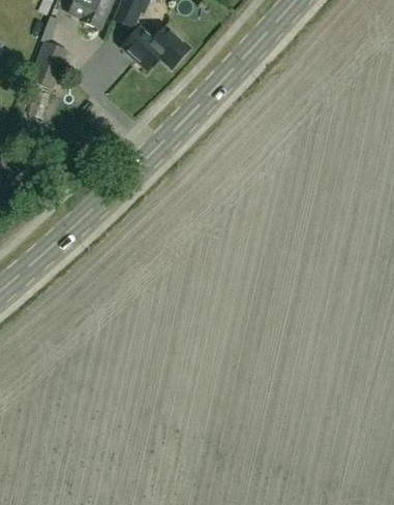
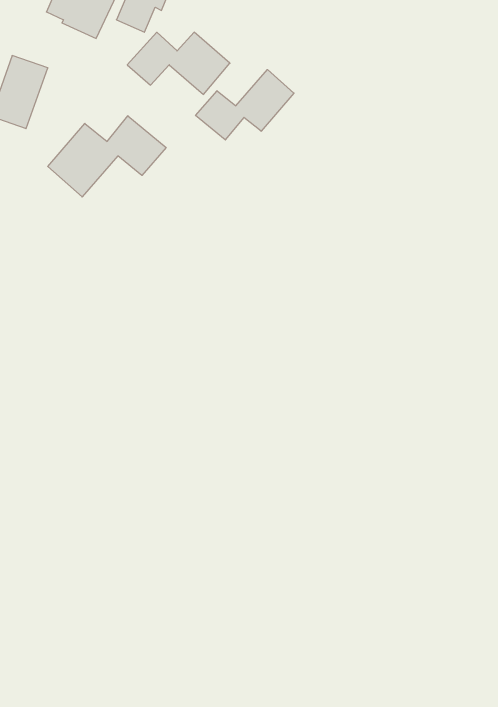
building: none -> [196,70,294,140]
building: none -> [48,116,166,197]

